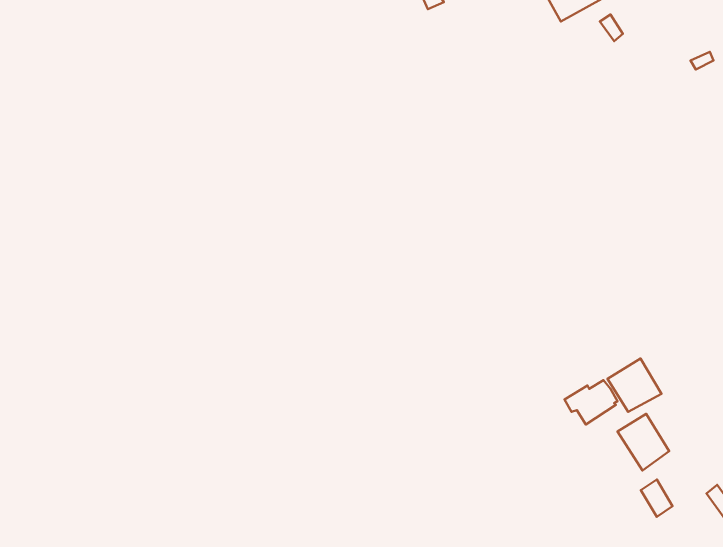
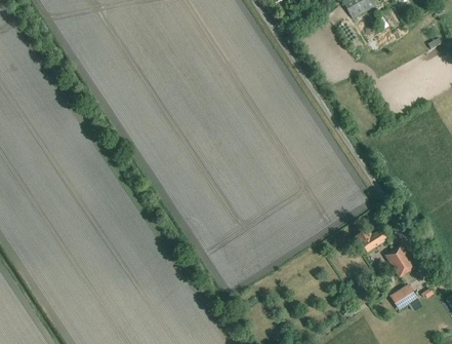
building: [608,359,662,412] -> none

